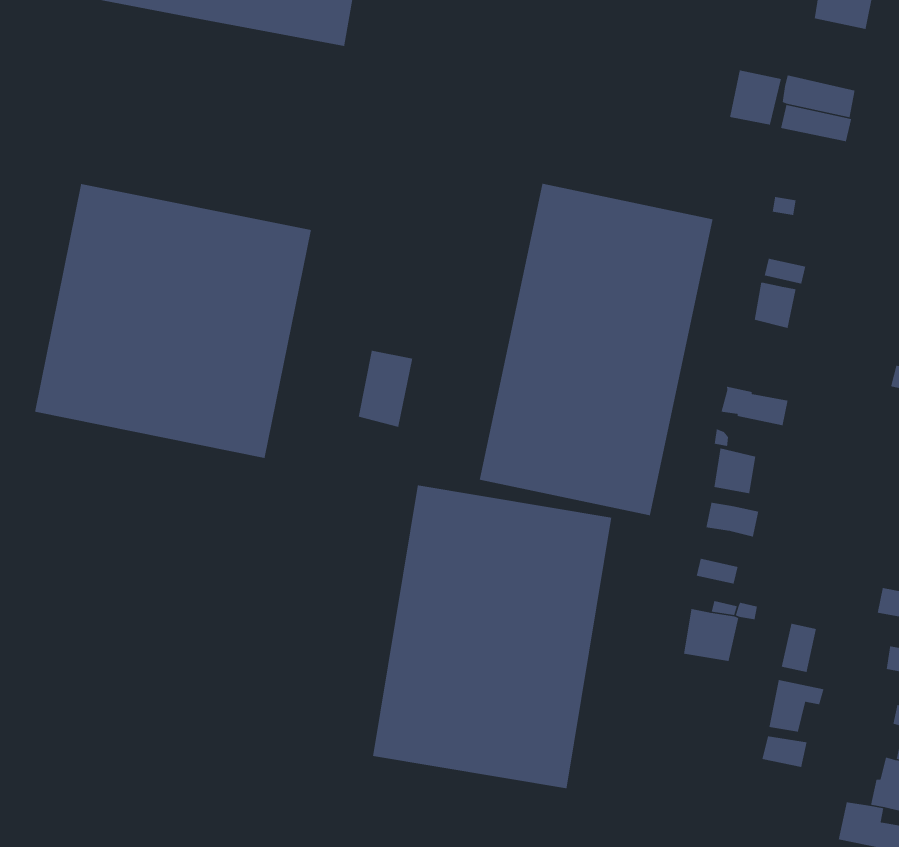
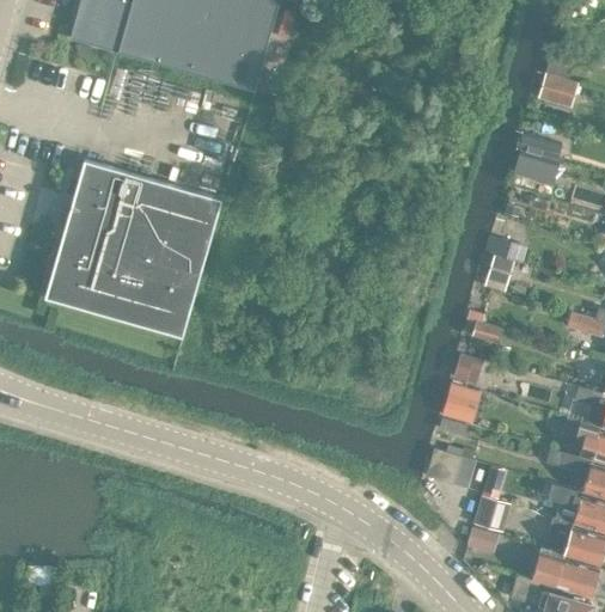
building: [729,69,782,126] -> none
building: [479,183,714,516] -> none
building: [358,350,413,428] -> none
building: [372,484,612,789] -> none

